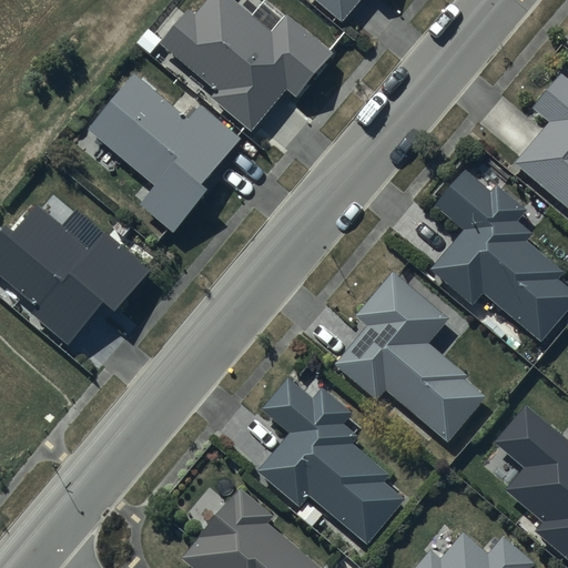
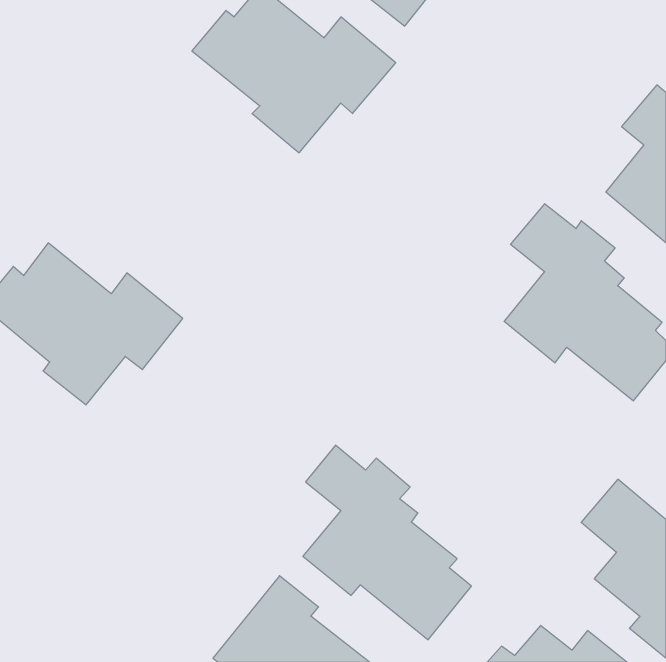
building: [91,73,242,234] -> none
building: [335,273,484,442] -> none

